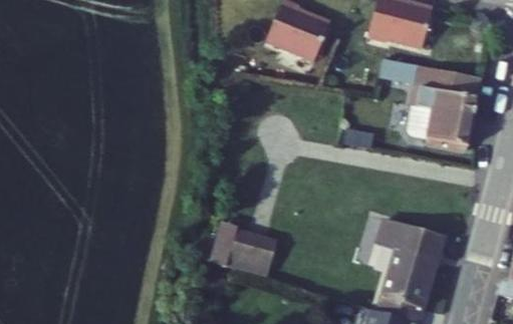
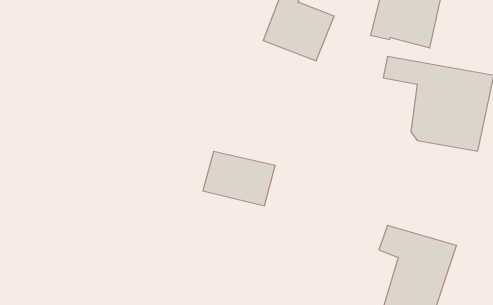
building: [210,225,278,276] -> [203,152,275,206]

